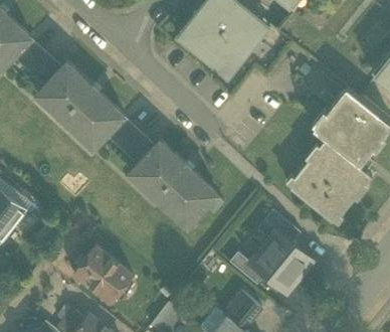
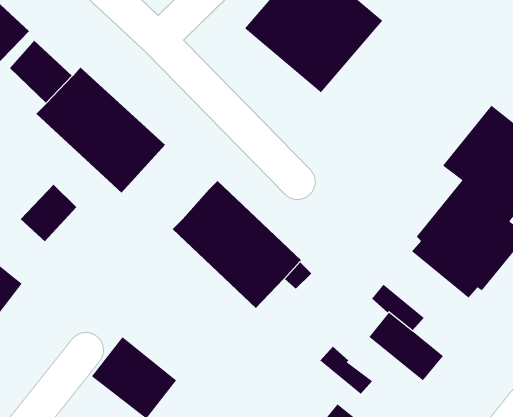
building: [111,122,154,165] -> none
building: none -> [20,184,77,242]
building: [248,245,300,293] -> none

